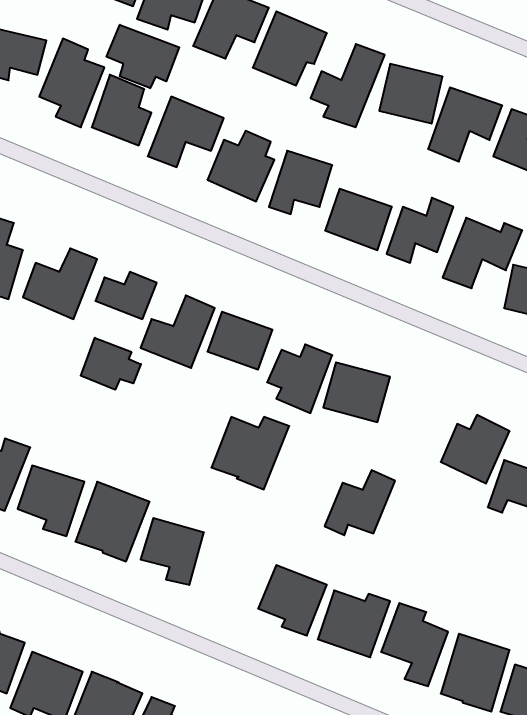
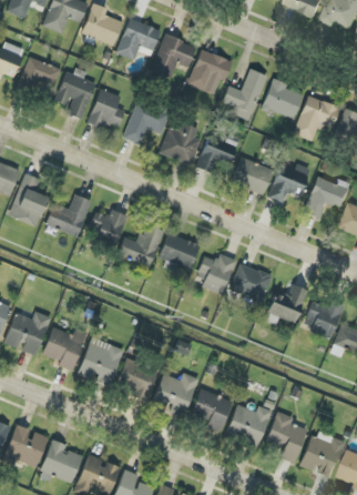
building: [107,25,179,88] -> none
building: [81,338,141,390] -> none
building: [211,417,289,489] -> [151,373,198,417]
building: [325,470,395,535] -> [264,284,307,324]

